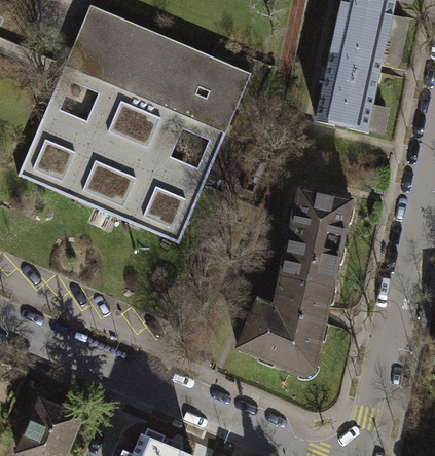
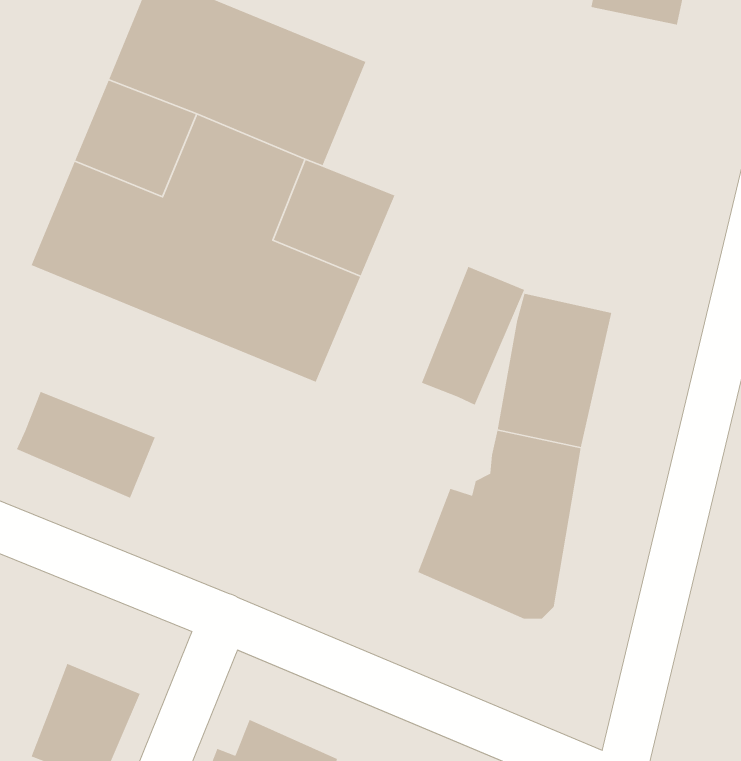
building: [318,27,387,127] -> none
building: [185,58,250,134] -> none
building: none -> [421,266,525,406]
building: none -> [16,391,156,499]

